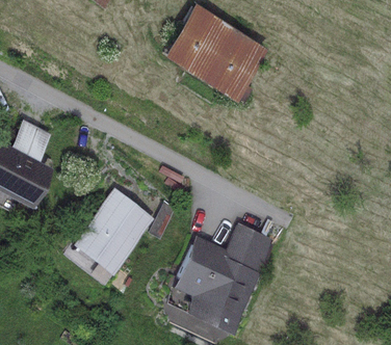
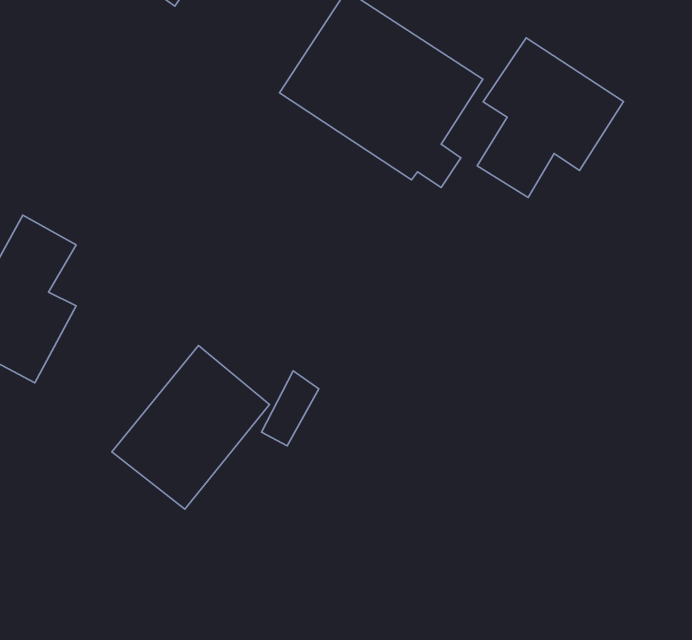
building: none -> [477,38,624,198]
building: [171,227,270,333] -> none

